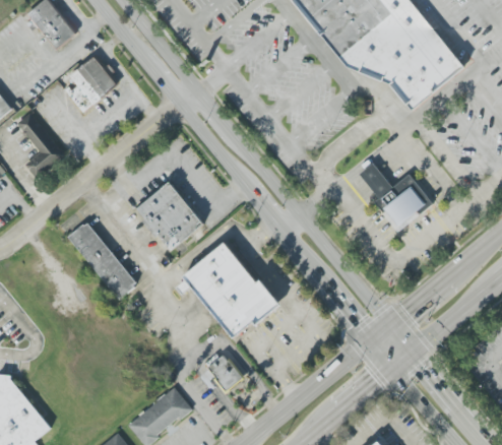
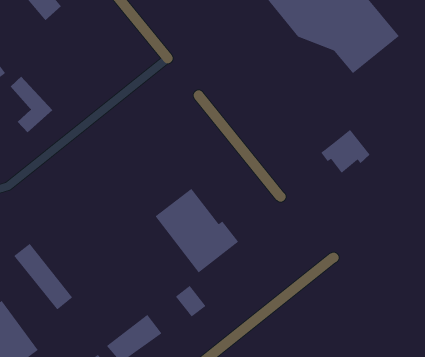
building: [59,52,120,112] -> none
building: [358,162,391,197] -> none
building: [135,181,202,250] -> none
building: [67,220,136,299] -> [13,243,73,311]

